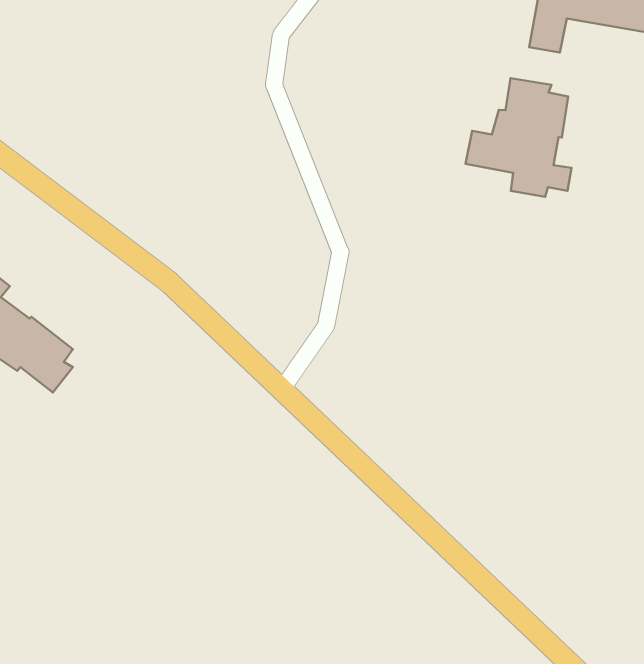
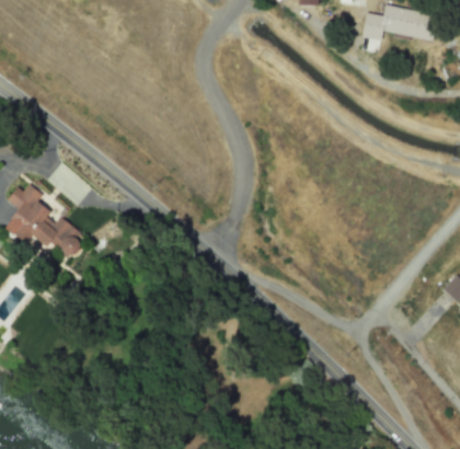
building: [466,78,571,197] -> none

